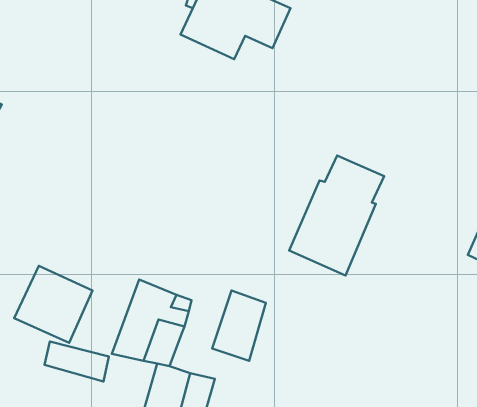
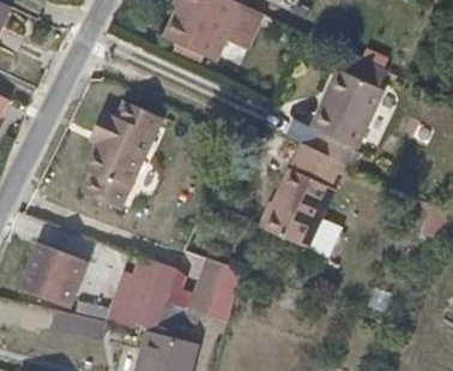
building: none -> [310,67,385,163]
building: none -> [77,102,161,210]

